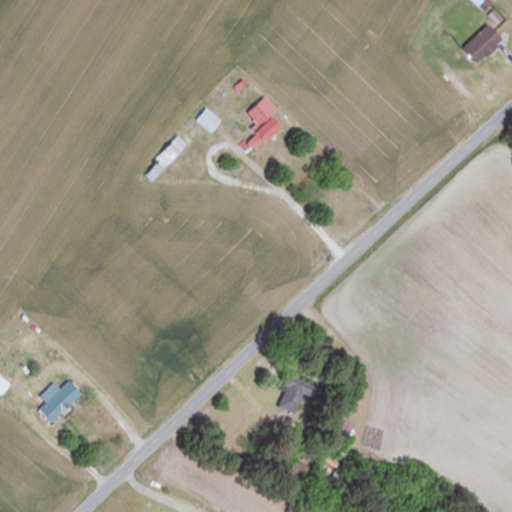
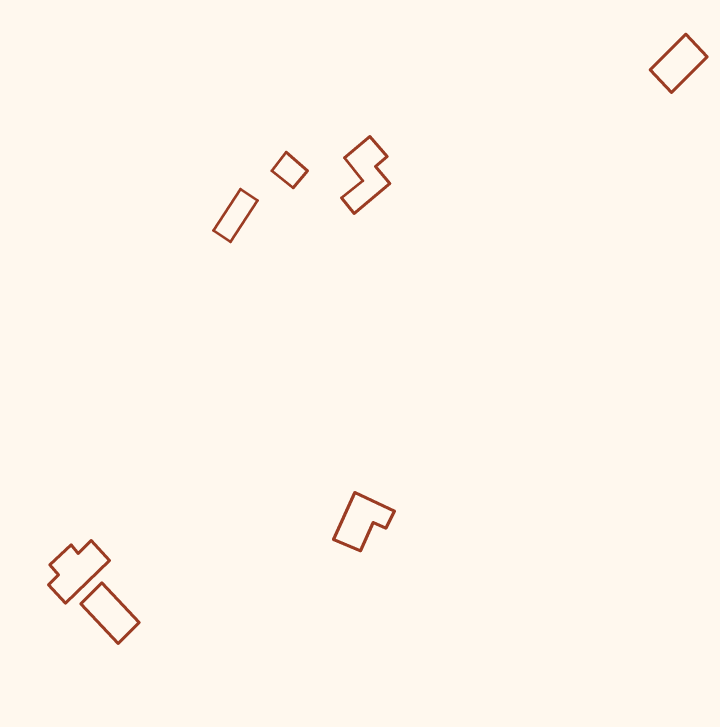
building: [276,374,319,415] -> [333,493,395,551]
building: none -> [81,583,139,644]

